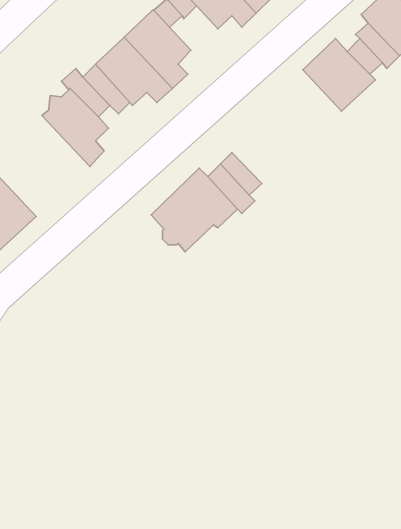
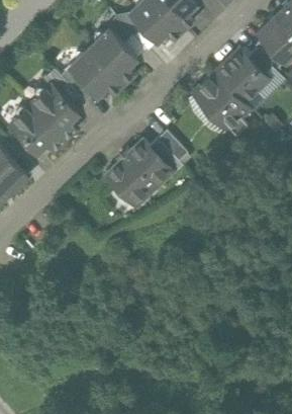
building: none -> [193,73,250,137]
building: none -> [10,105,65,154]

